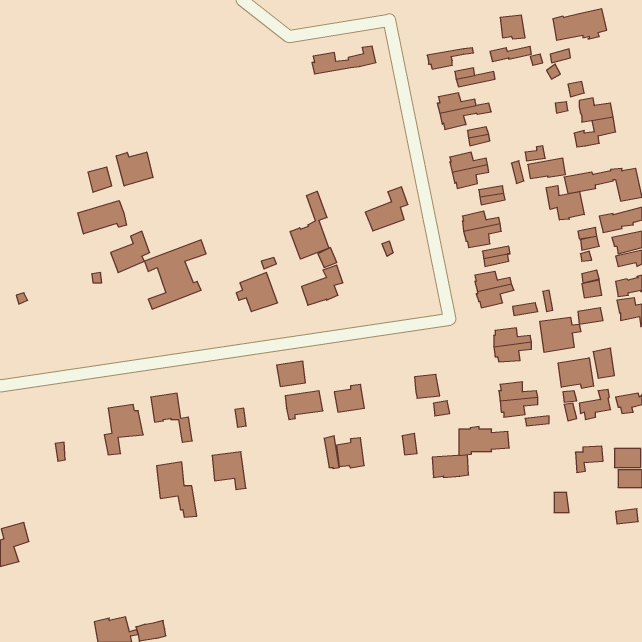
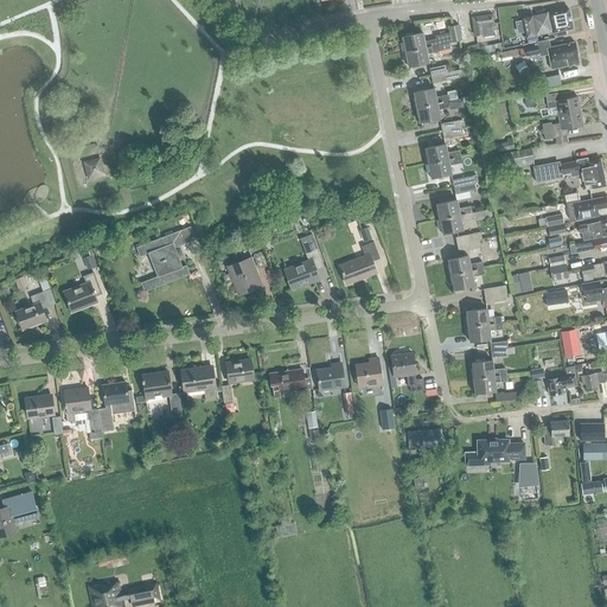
building: none -> [547,41,577,68]
building: [312,46,376,74] -> [401,26,461,52]
building: [116,152,153,186] -> none
building: [546,186,584,220] -> none
building: [365,187,408,231] -> [339,242,379,283]
building: [290,191,329,259] -> none
building: [78,201,127,234] -> none
building: [111,231,150,273] -> [64,273,101,312]
building: none -> [15,277,55,330]
building: [540,317,581,352] -> none
building: [558,358,593,388] -> none
building: [277,361,305,386] -> [225,359,253,383]
building: none -> [26,392,52,418]
building: [459,427,509,455] -> [478,439,525,466]
building: [337,438,364,468] -> [356,358,382,386]
building: [212,452,246,490] -> [183,365,215,401]
building: [157,462,197,517] -> [64,388,102,440]

